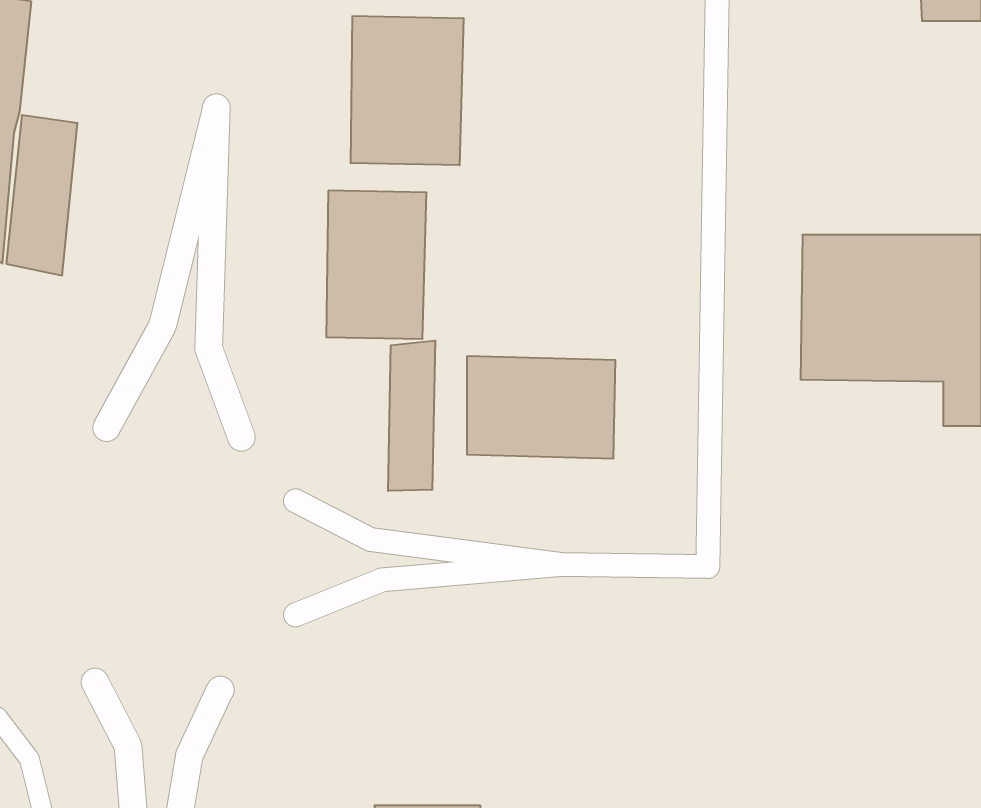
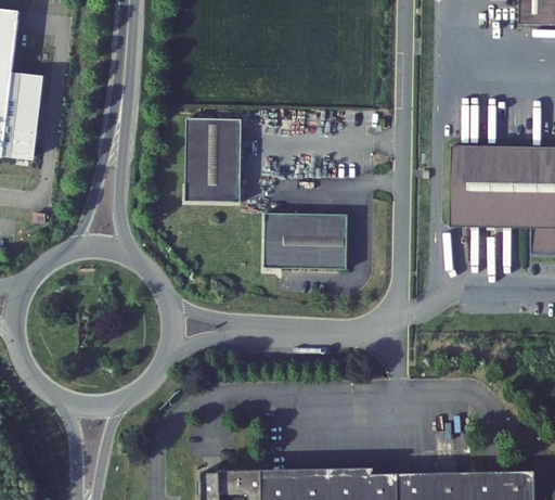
building: [351,16,464,165] -> none
building: [388,341,435,491] -> none

